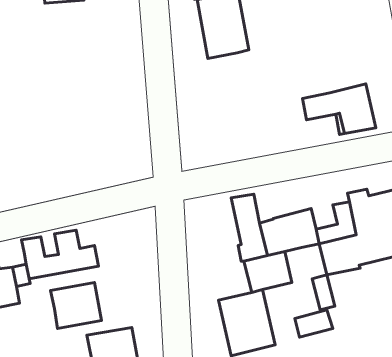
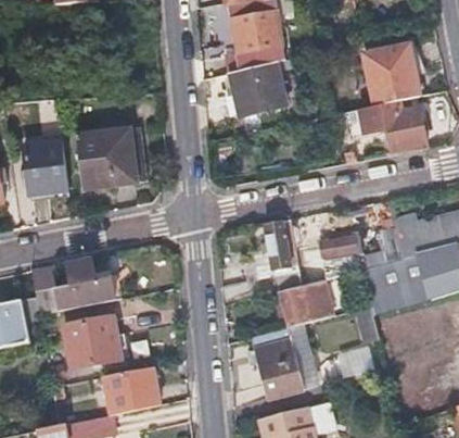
building: none -> [365,45,419,105]
building: none -> [227,60,280,114]
building: none -> [76,132,145,189]
building: none -> [25,143,61,193]

